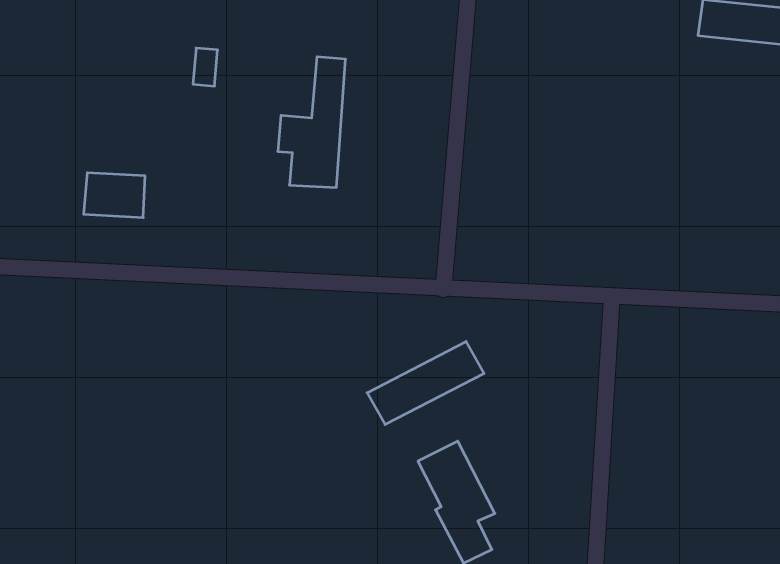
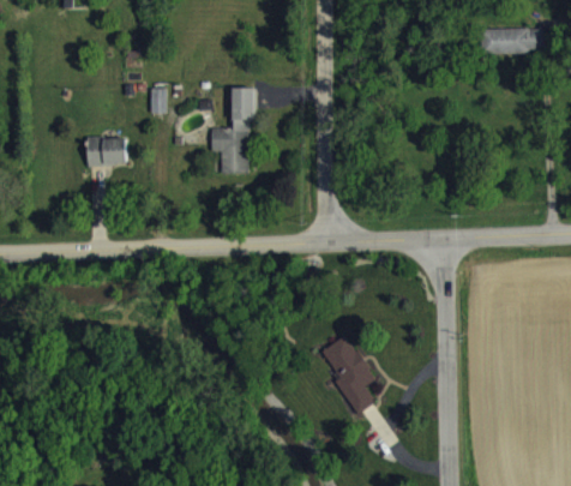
building: [84,173,145,218] -> [88,137,127,166]
building: [367,341,484,425] -> none

